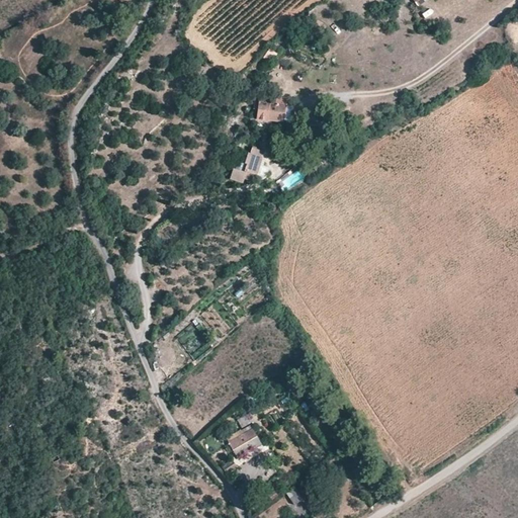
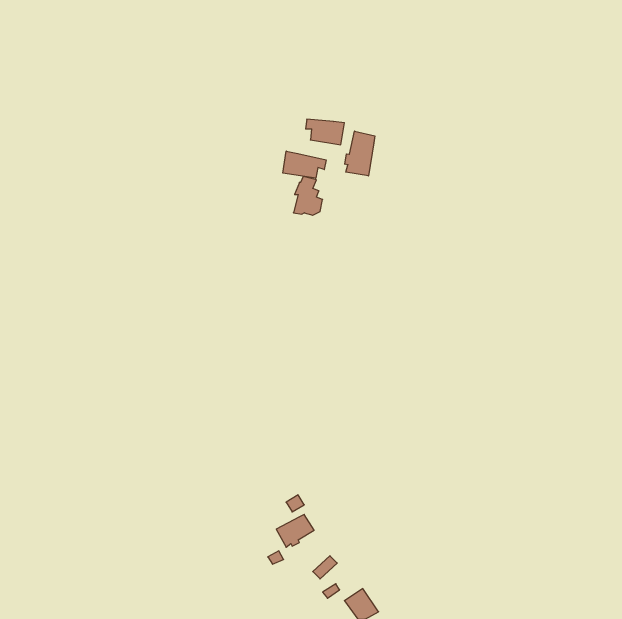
building: none -> [345,131,375,176]
building: none -> [283,151,326,178]

